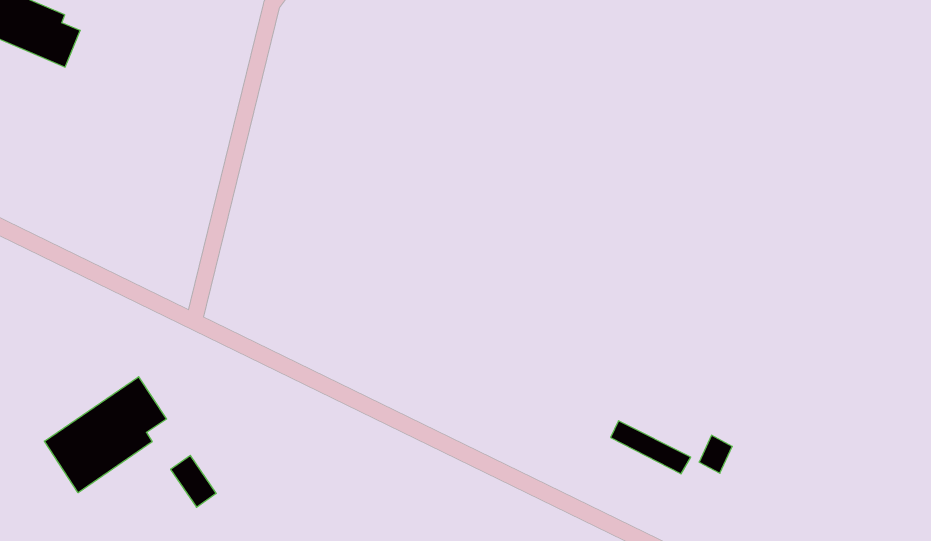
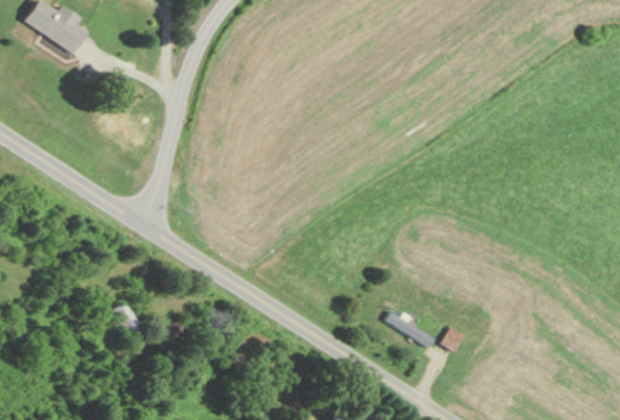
building: [44,377,167,493] -> none

